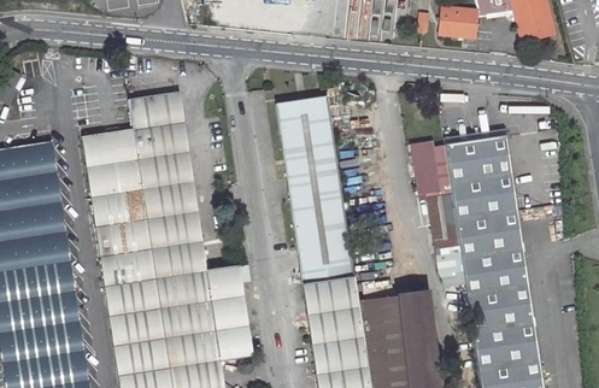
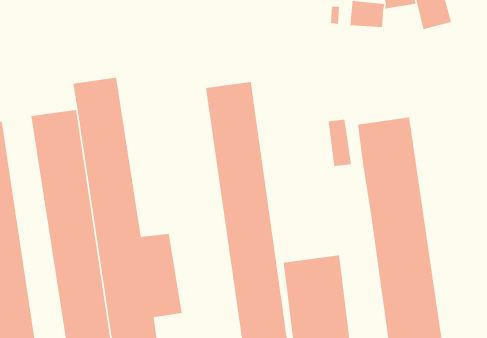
building: [429,190,462,247] -> none

